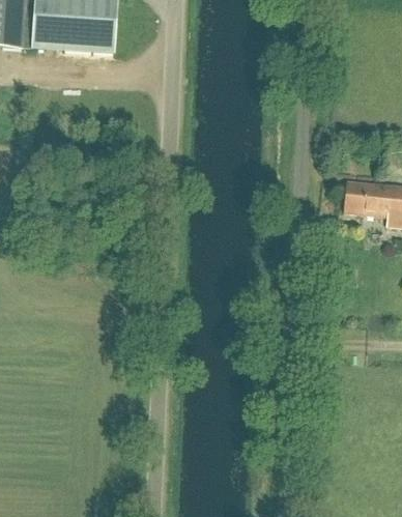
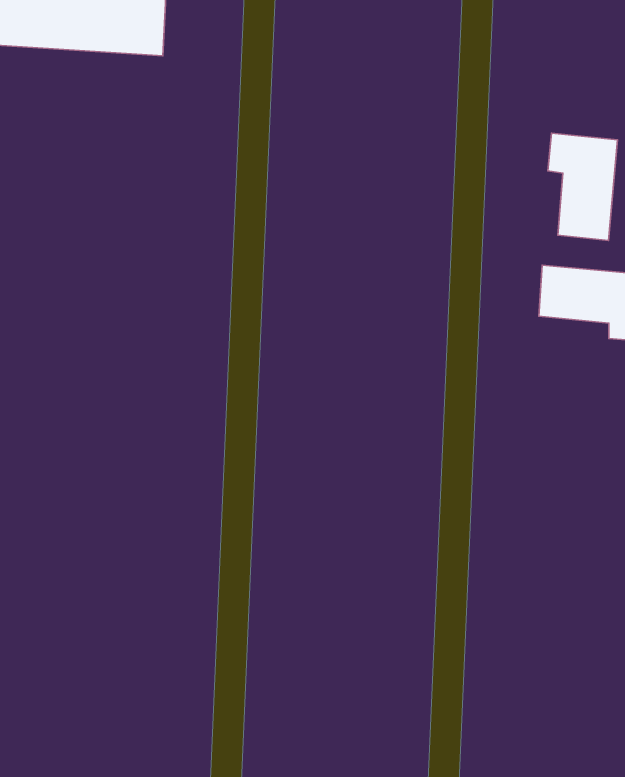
building: none -> [548,133,617,241]

